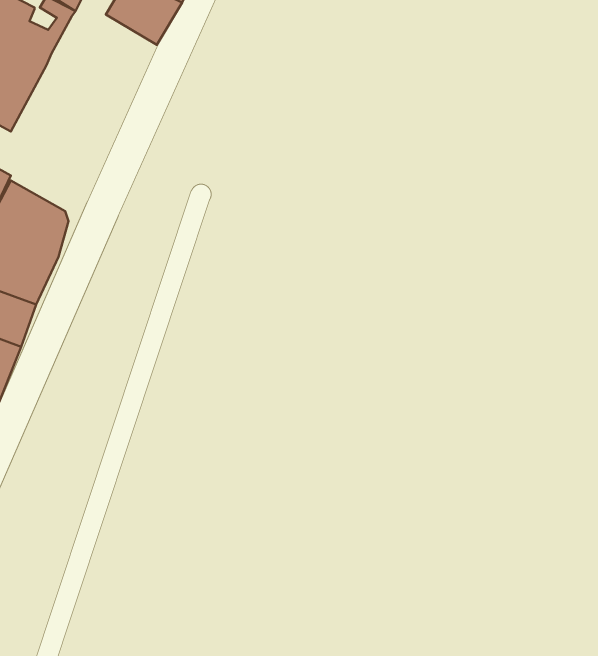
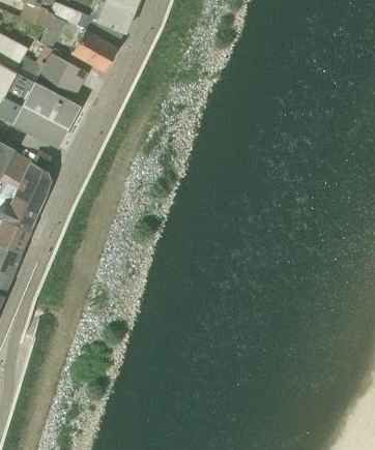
building: none -> [38,53,87,96]
building: none -> [13,83,80,147]

